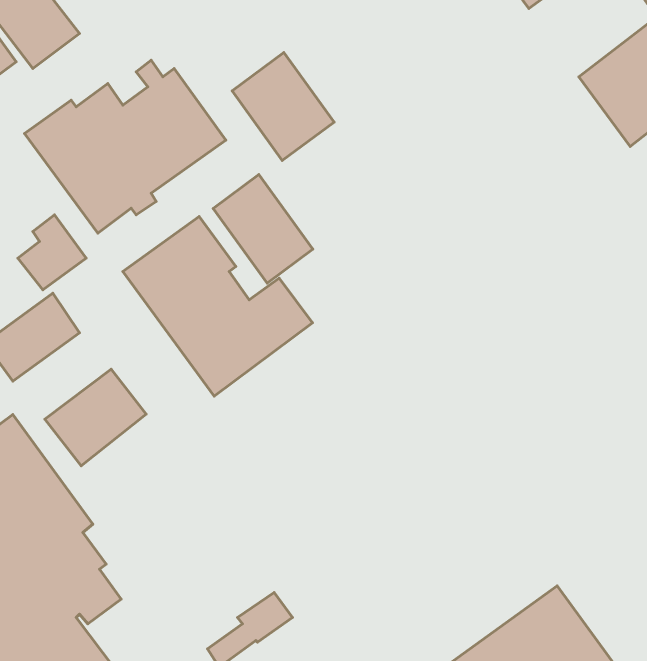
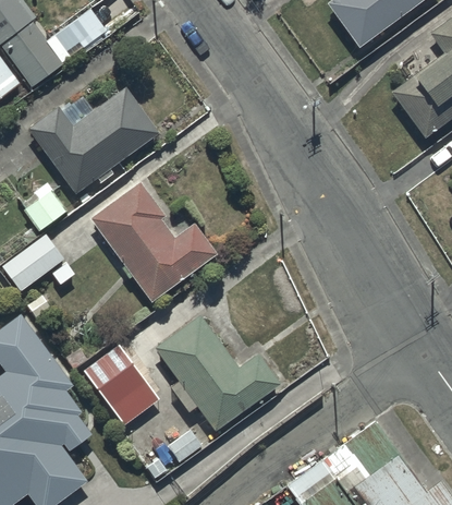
building: [232,53,334,160] -> none
building: [213,174,313,283] -> none
building: [45,369,146,466] -> [83,338,149,401]
building: none -> [156,314,281,431]

